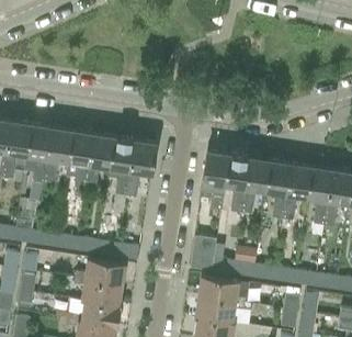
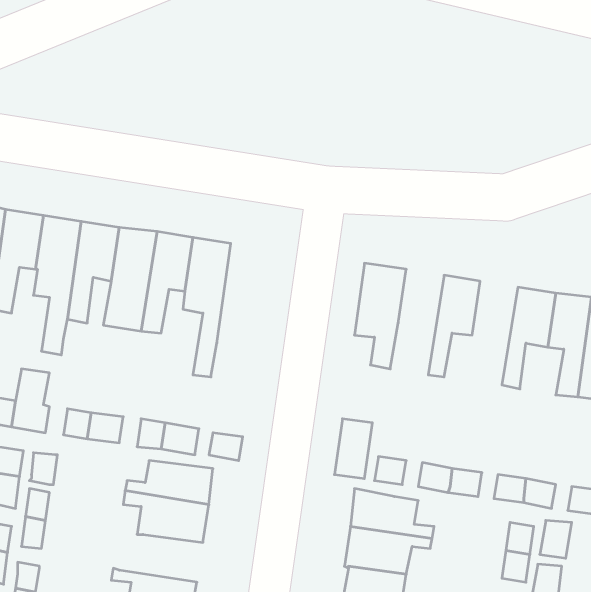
building: [126,141,156,198] -> none
building: [226,155,251,213] -> none
building: [266,161,292,218] -> none
building: [72,301,121,327] -> none

